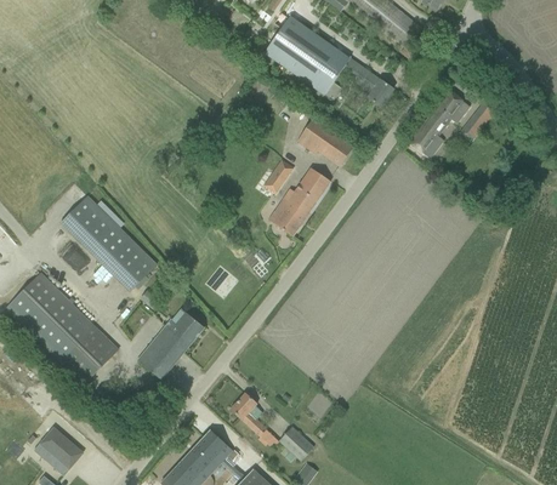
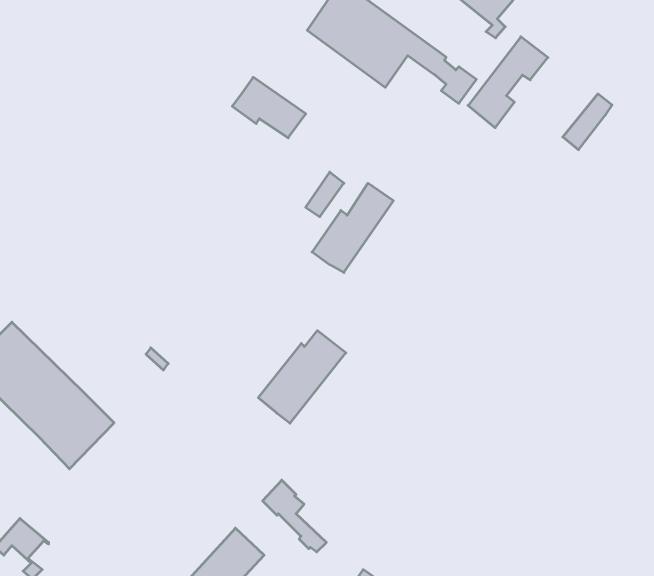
building: [409,90,470,159] -> [468,37,548,128]
building: [297,119,353,165] -> [232,77,306,138]
building: [59,195,158,292] -> none
building: [137,309,204,380] -> [258,331,346,423]
building: [279,427,313,461] -> none

